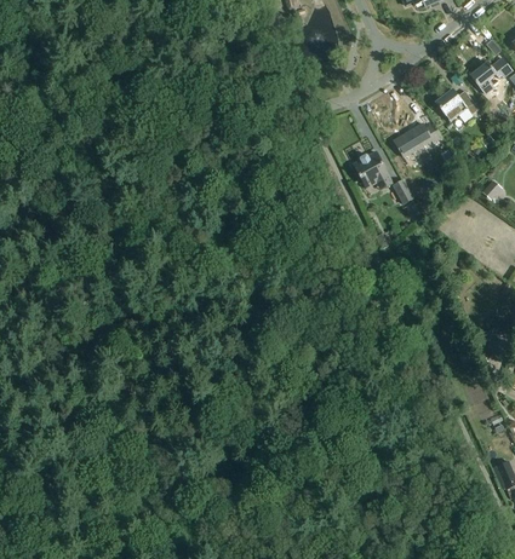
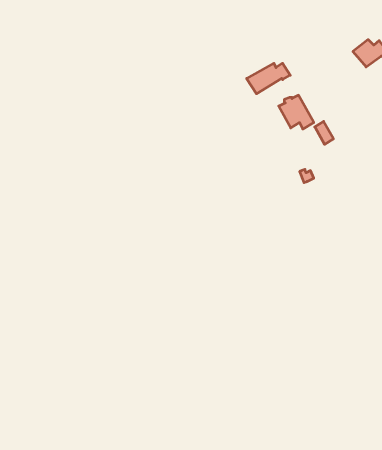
building: [394,122,442,156] -> [247,63,290,94]

